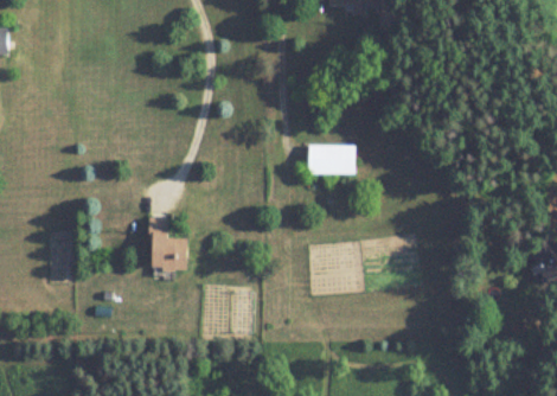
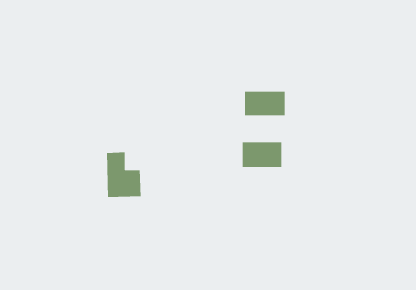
building: none -> [242,142,282,168]

